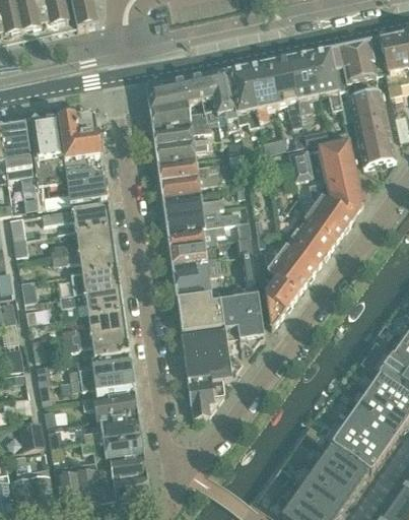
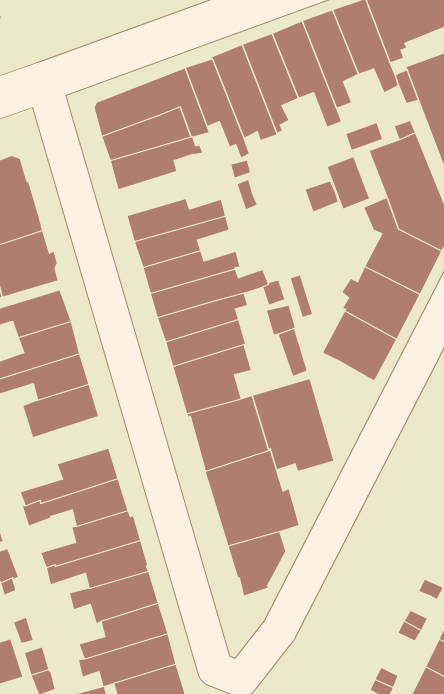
building: [153,135,212,161] -> none
building: [265,275,297,326] -> none
building: [59,286,122,313] -> none

